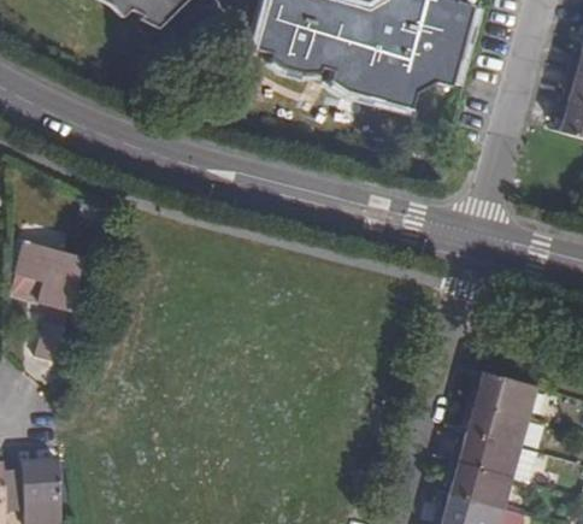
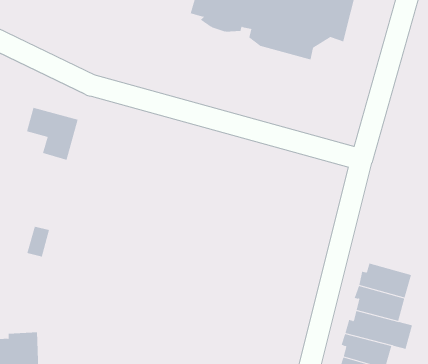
building: [16,241,83,310] -> [26,107,78,161]

